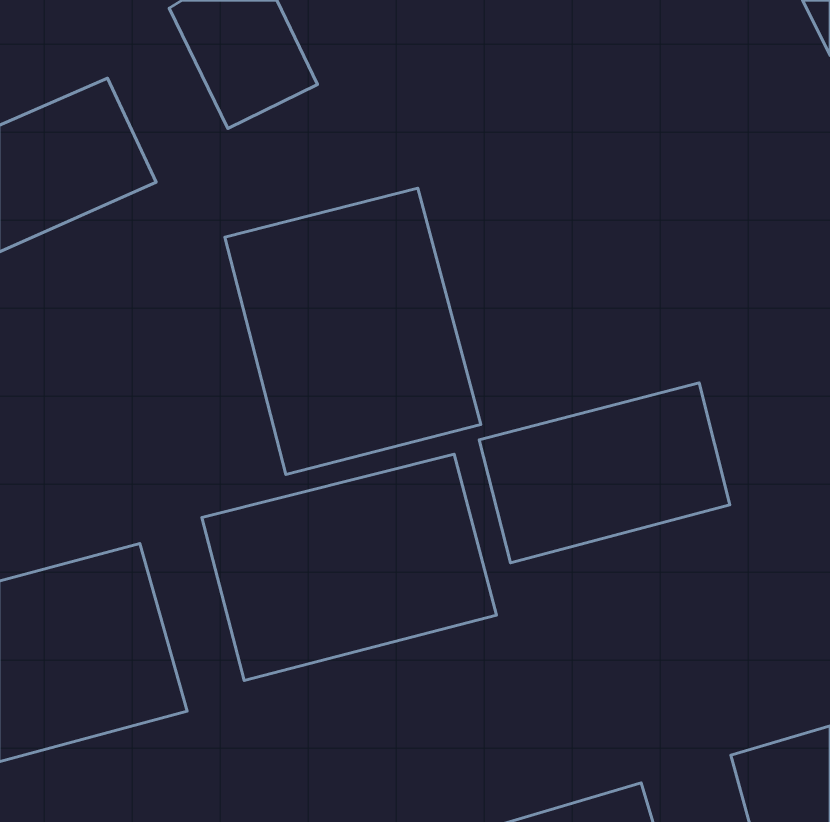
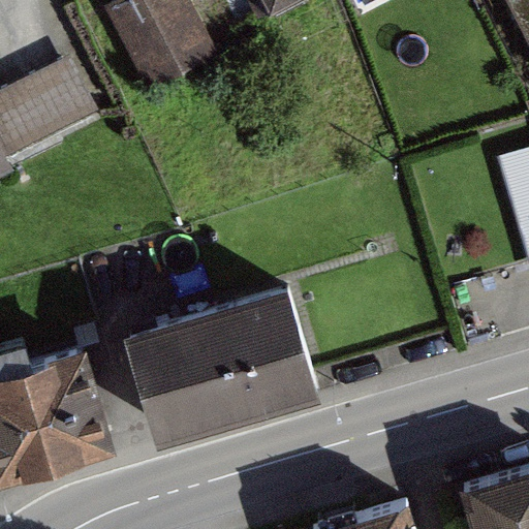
building: [225,188,481,475] -> none
building: [479,383,730,563] -> none

